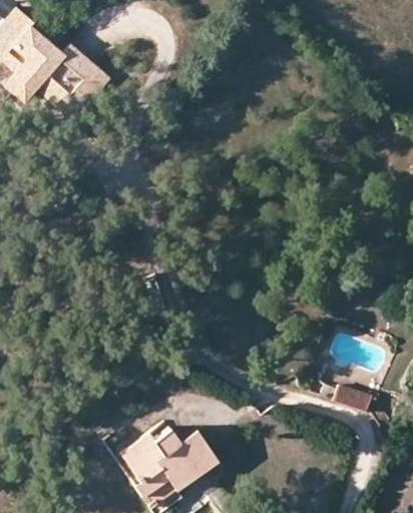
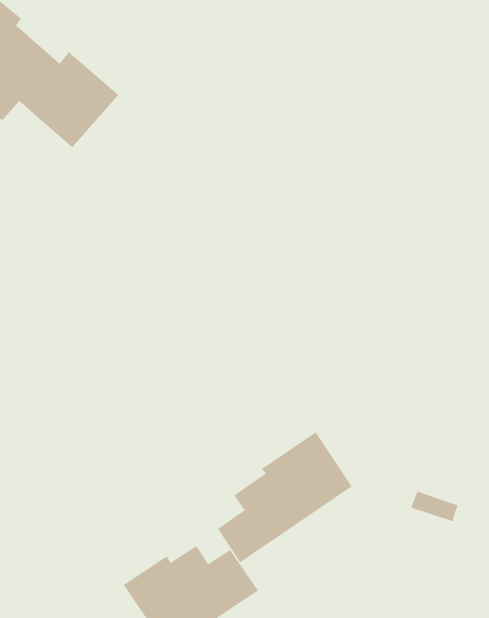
building: none -> [217,431,353,563]

